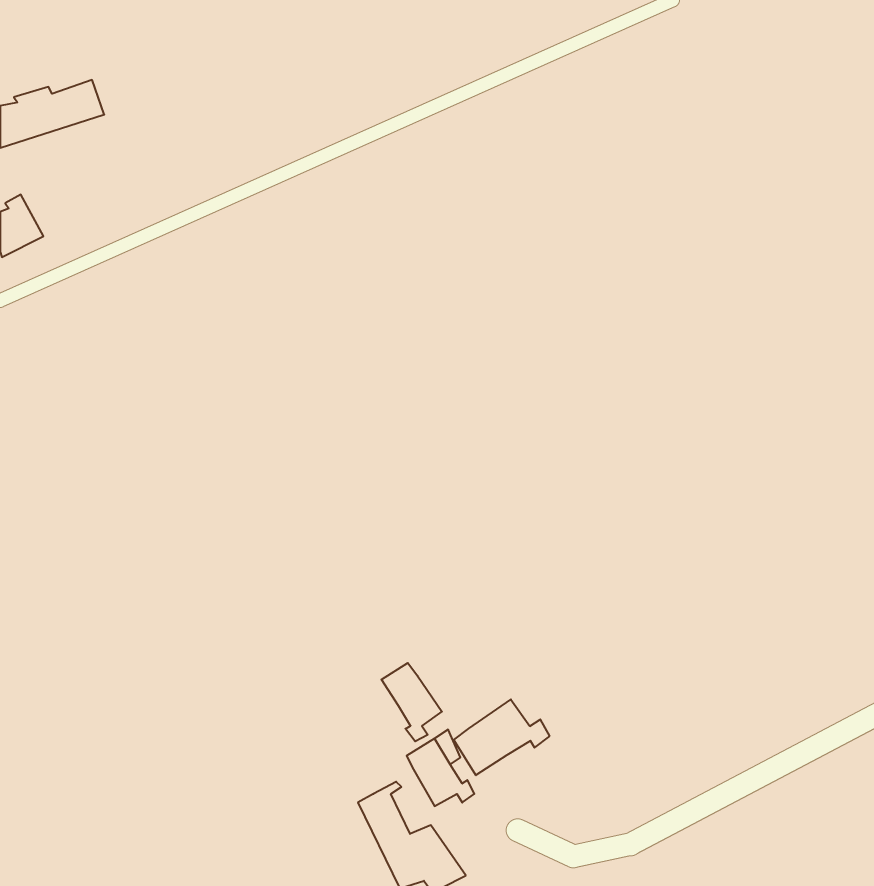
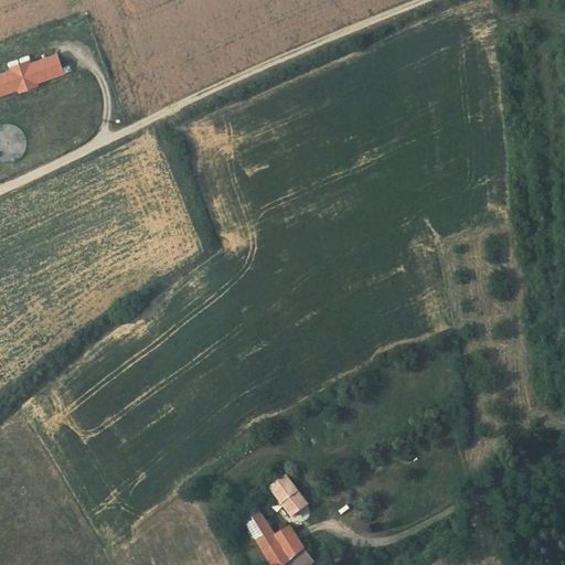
building: [381,663,442,741] -> none
building: [454,699,549,775] -> none

